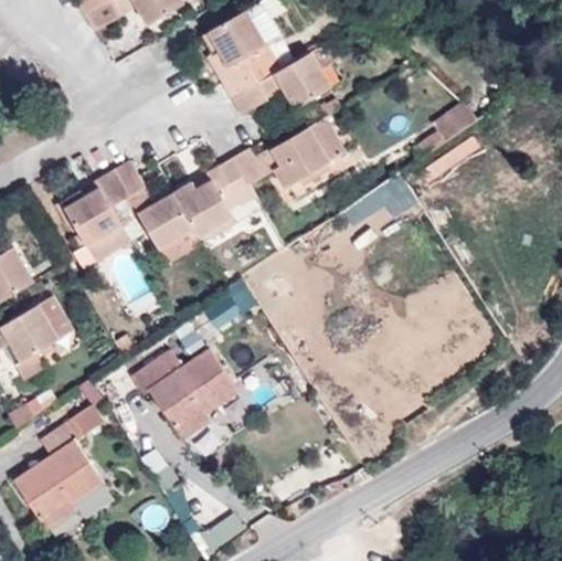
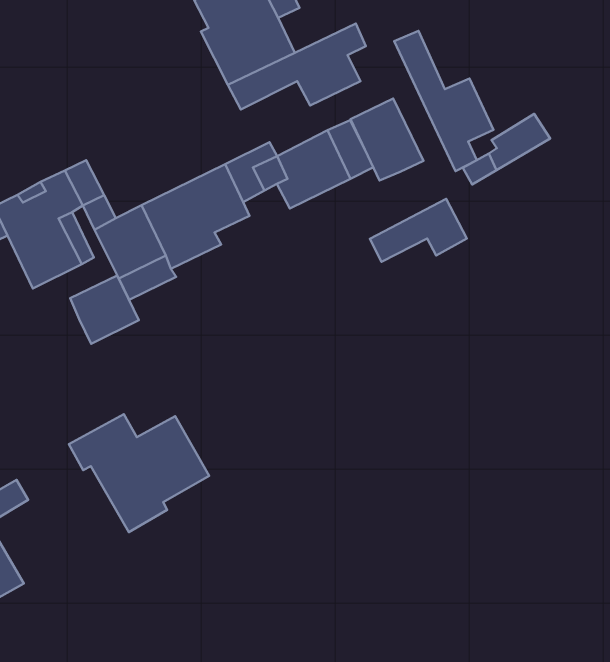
building: none -> [394,31,493,171]
building: none -> [351,98,424,180]
building: none -> [70,276,139,344]

